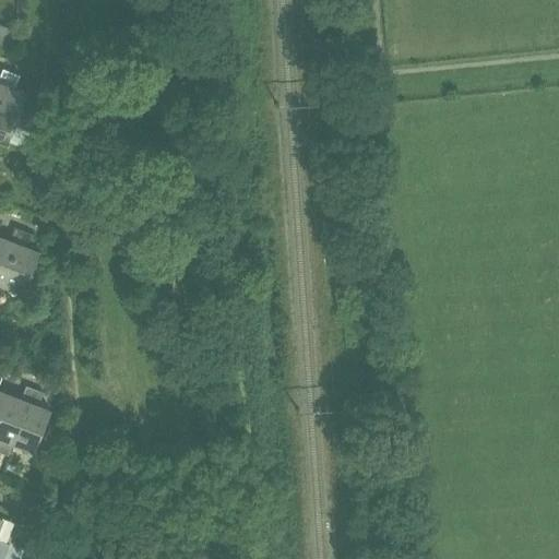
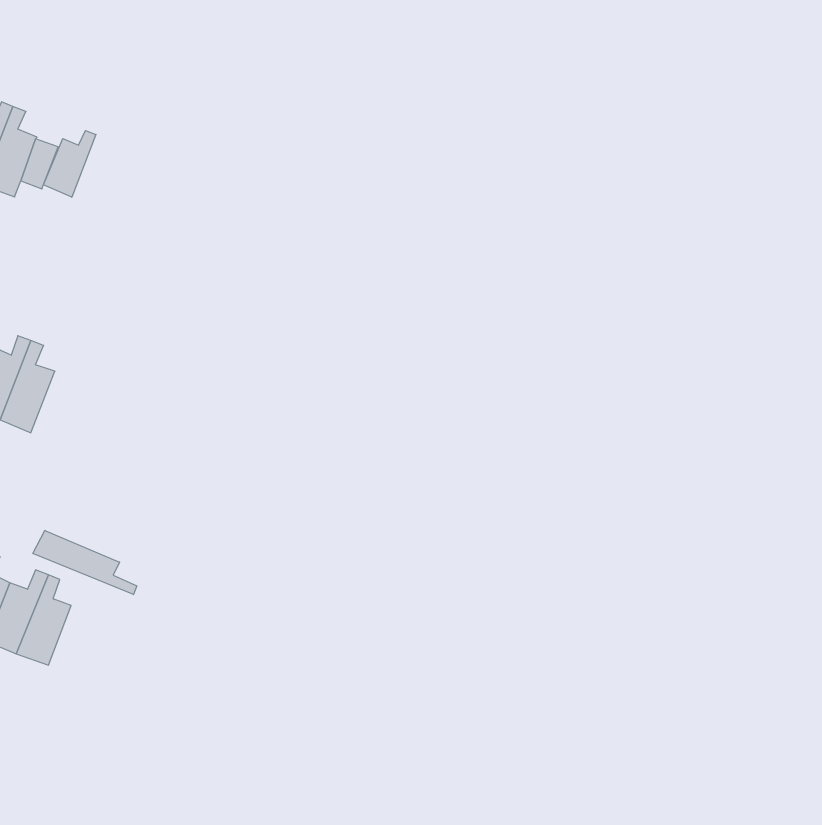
building: none -> [44,131,96,197]
building: none -> [33,530,137,595]

